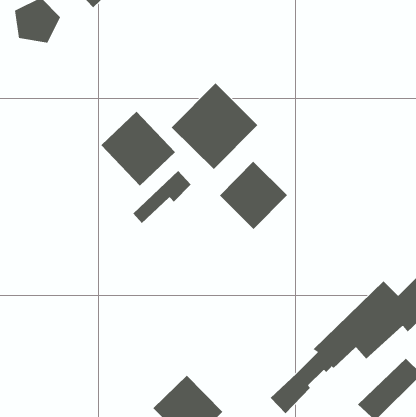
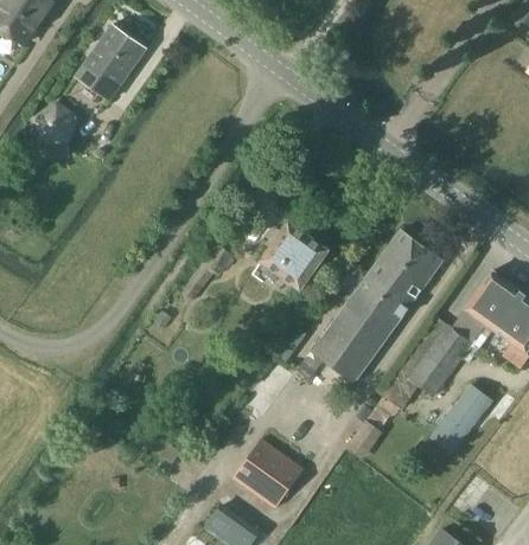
building: [171,83,258,170] -> none
building: [100,111,176,187] -> none
building: none -> [297,230,442,384]

